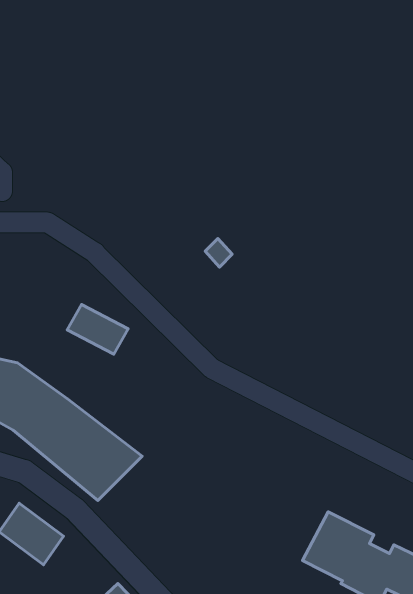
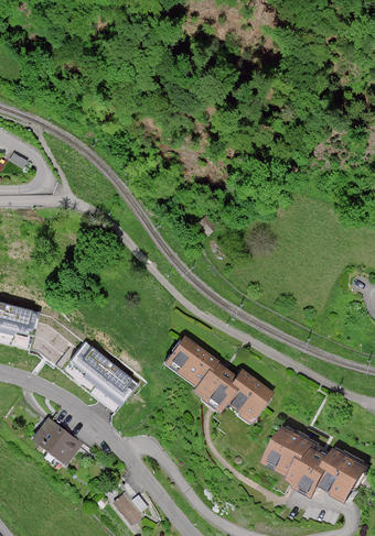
building: [67,305,128,354] -> none
building: none -> [159,330,275,428]

